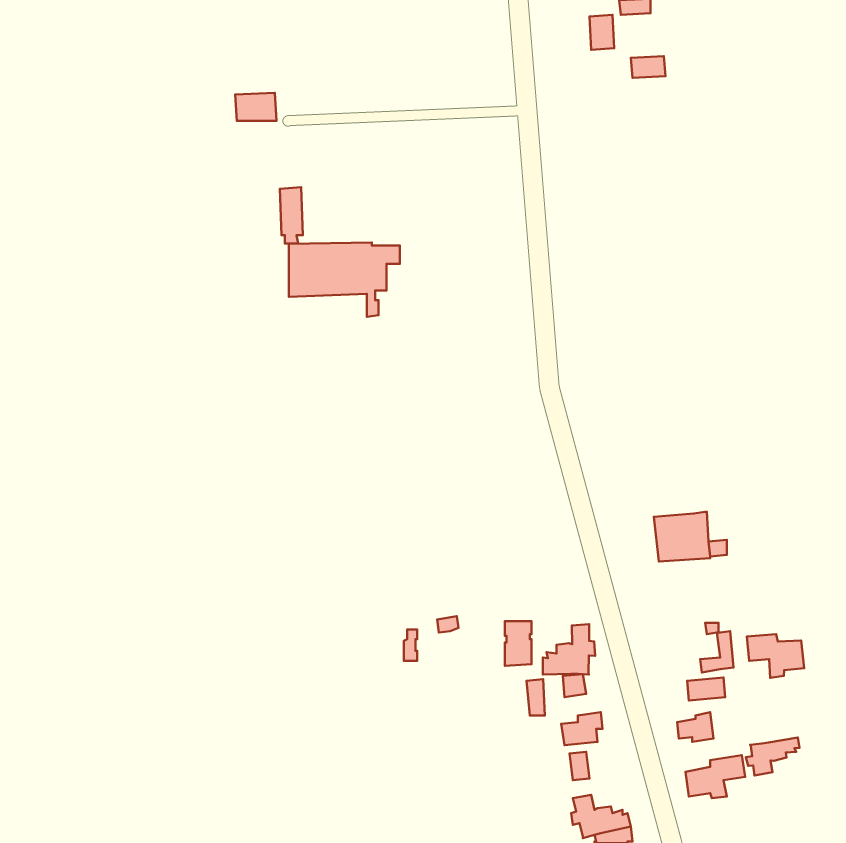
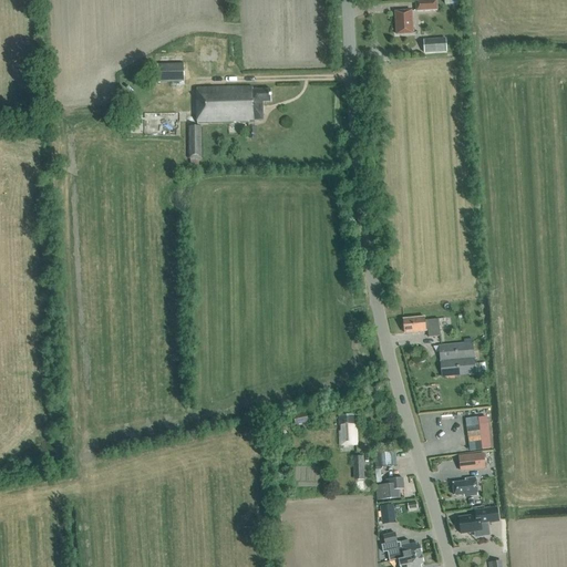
building: [289,242,400,317] -> [196,86,270,136]
building: none -> [403,317,440,337]
building: [543,624,595,674] -> none
building: [747,634,804,678] -> none
building: [746,738,799,776] -> none

